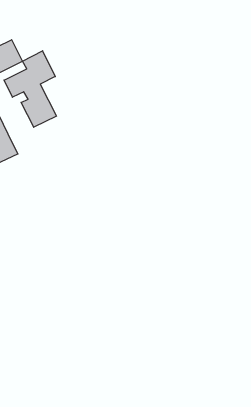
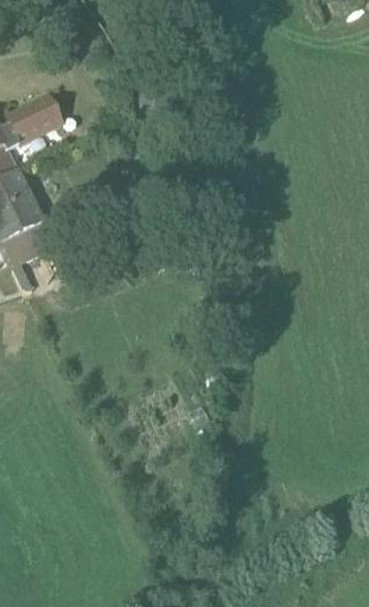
building: [4,51,56,127] -> none

